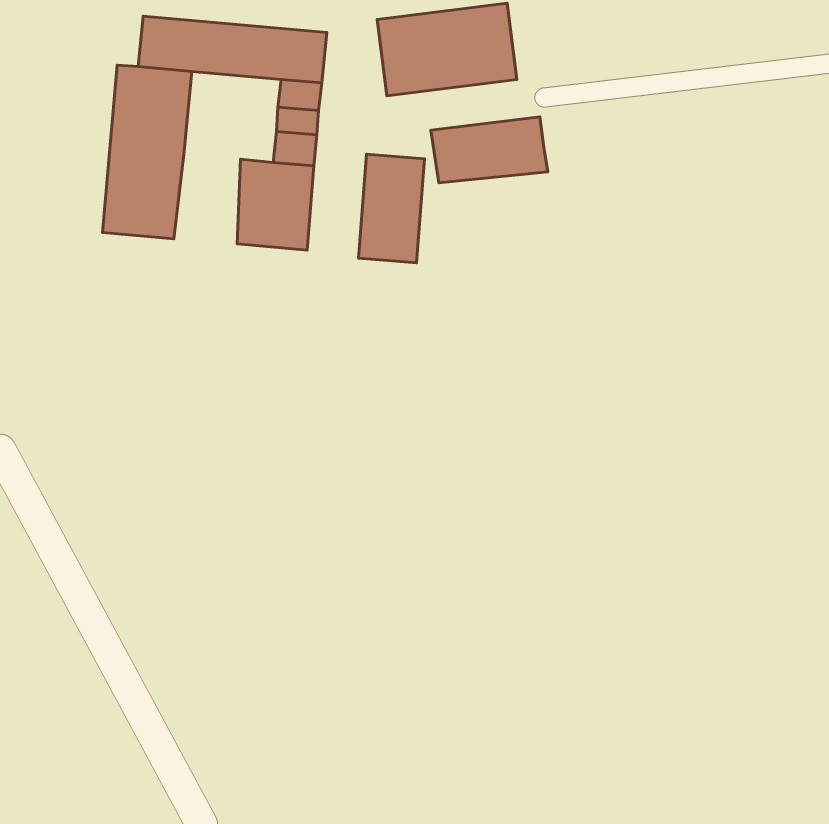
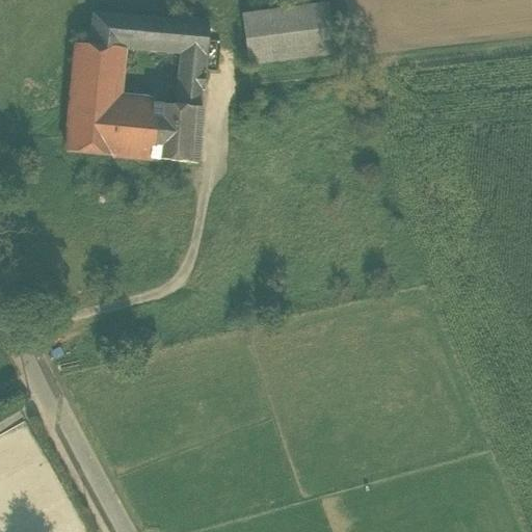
building: [431,117,548,183] -> none
building: [358,154,424,263] -> none
building: none -> [112,99,155,156]

